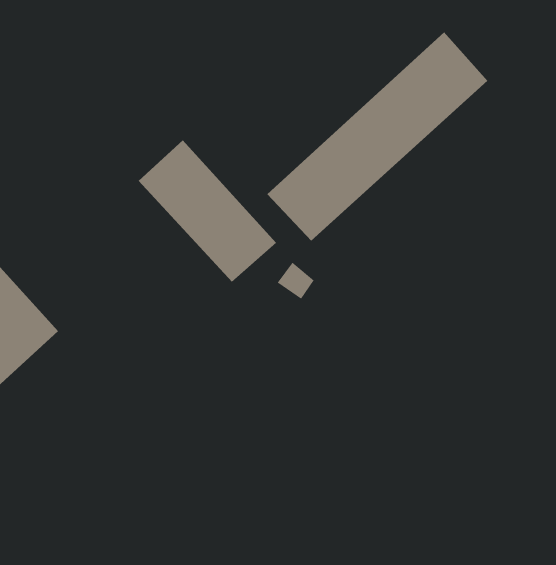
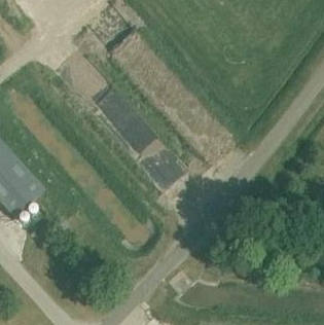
building: [266,31,488,242] -> none

